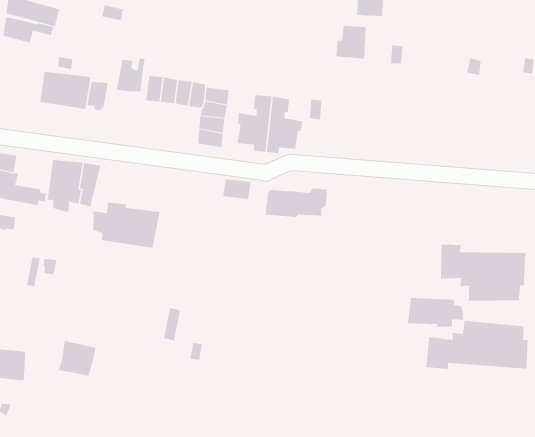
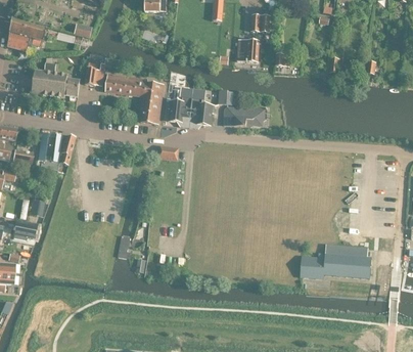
building: [265,188,328,218] -> [223,106,267,127]
building: [93,202,160,248] -> none
building: [441,244,526,302] -> none
building: [407,297,464,328] -> none
building: [58,341,97,376] -> [11,219,38,244]

